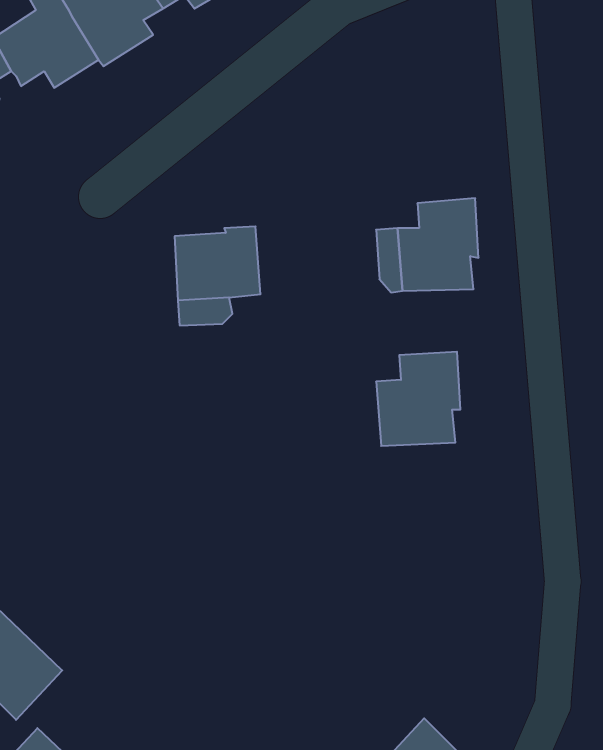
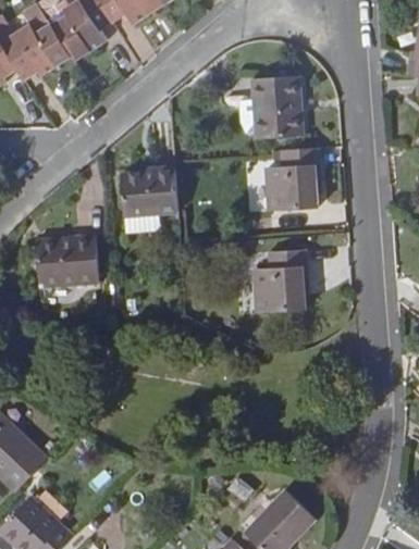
building: none -> [251,76,303,138]
building: none -> [36,235,98,285]

